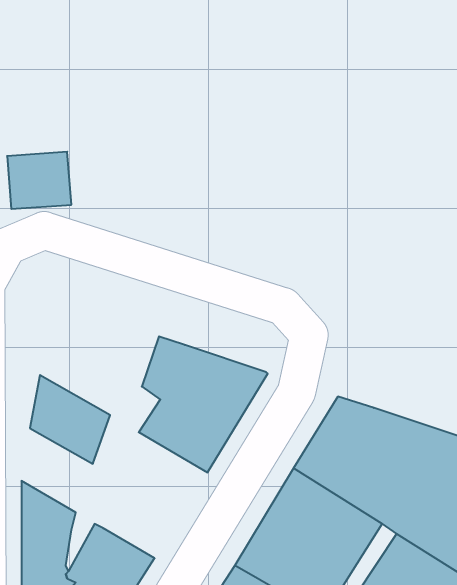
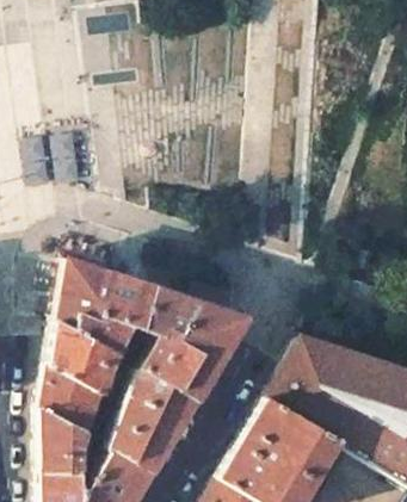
building: none -> [58,256,158,352]
building: none -> [43,362,103,433]
building: none -> [111,366,198,471]

